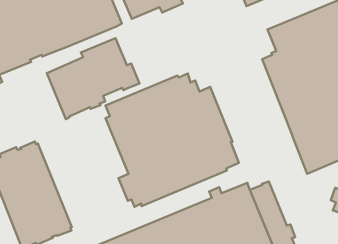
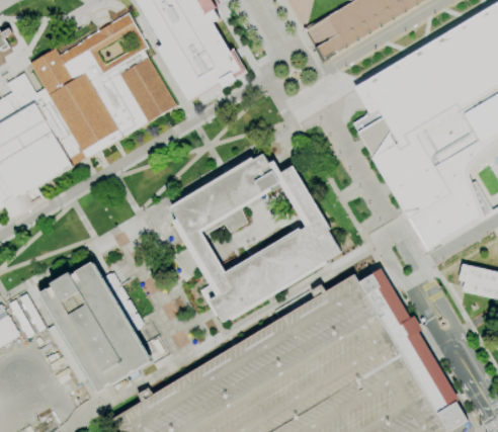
building: [47,38,139,119] -> none

